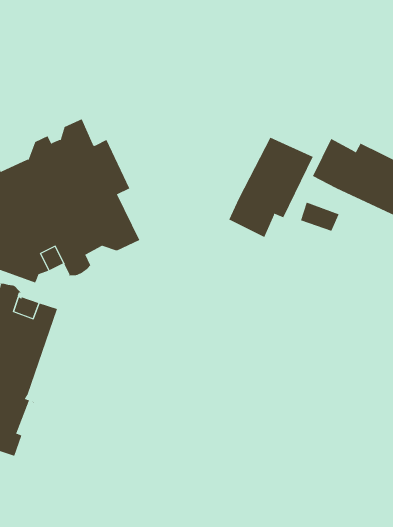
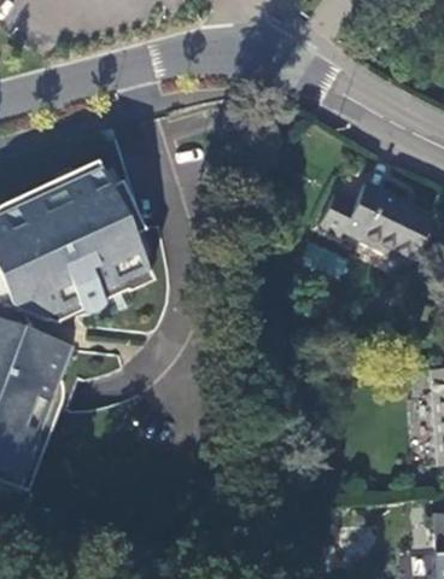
building: [228,137,314,238] -> none

